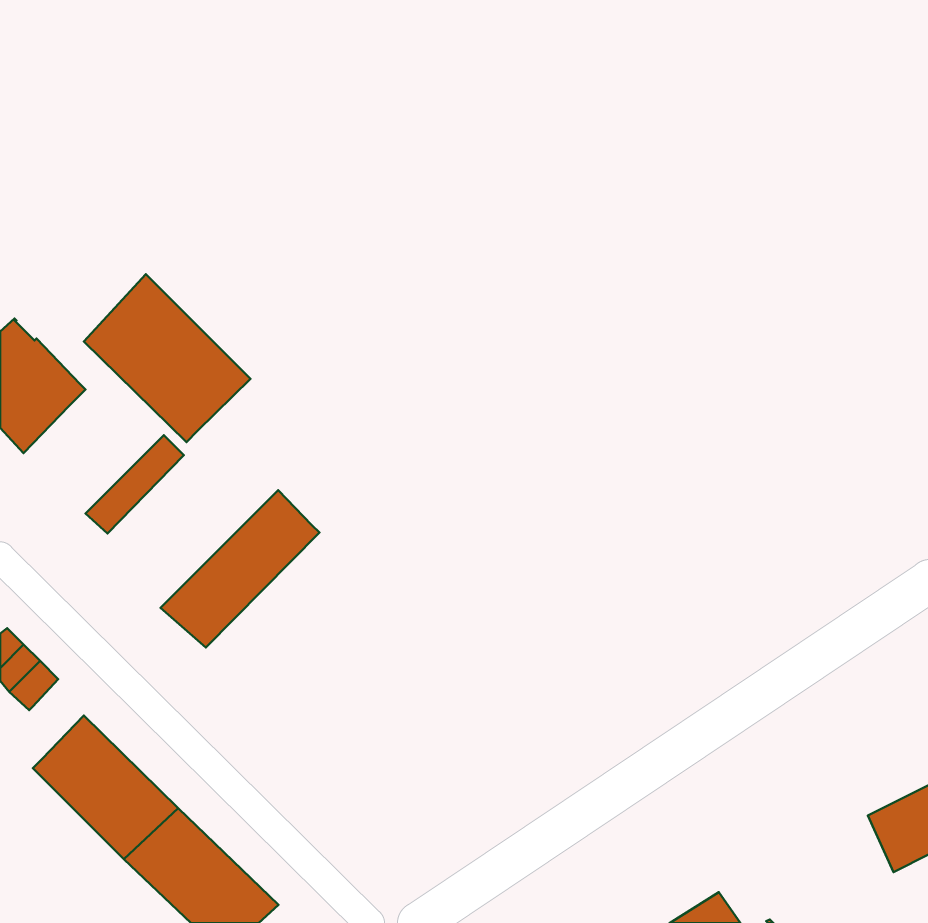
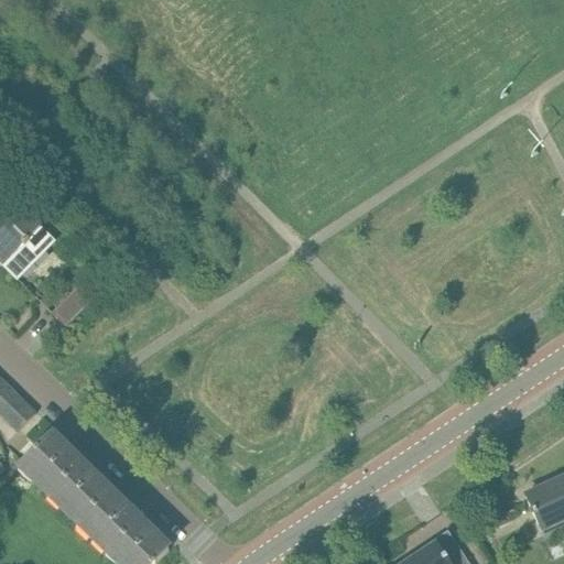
building: [84,274,251,442] -> none
building: [160,490,319,647] -> none

